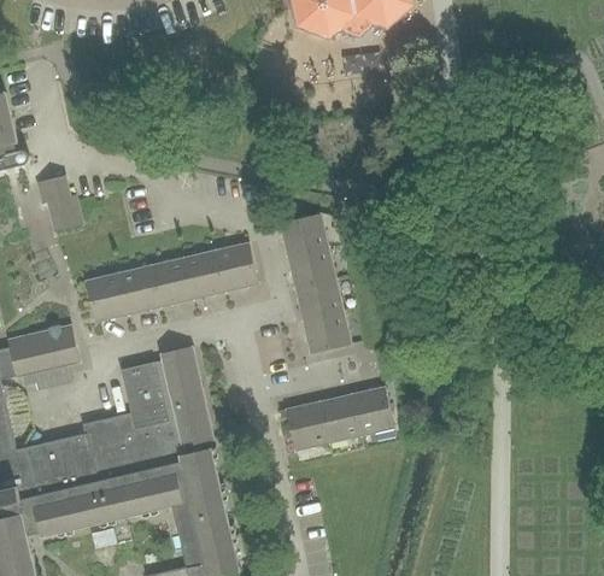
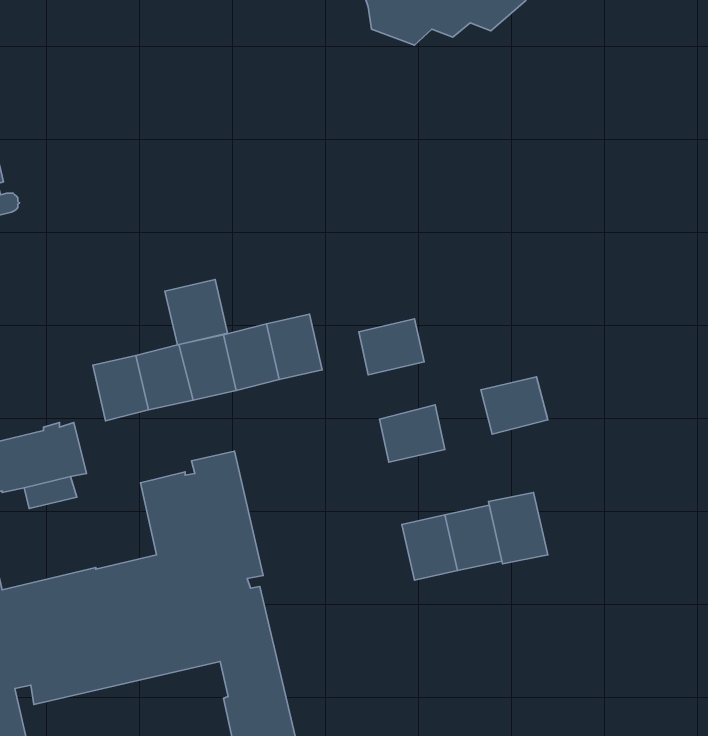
building: [35,176,81,233] -> none
building: [277,213,327,255] -> none
building: none -> [165,280,228,345]
building: [292,278,342,322] -> [481,377,548,434]
building: none -> [488,493,548,564]
building: [285,401,327,451] -> none

